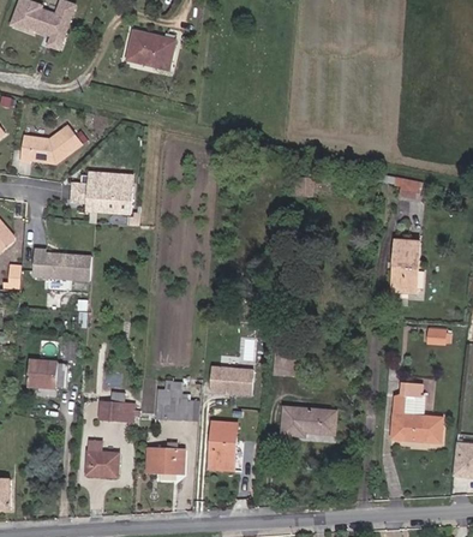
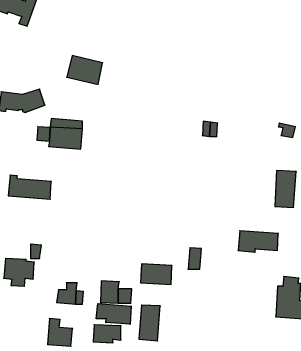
building: [126,30,174,68] -> [67,56,103,84]
building: [281,407,335,436] -> [238,231,278,252]
building: none -> [96,304,131,324]

